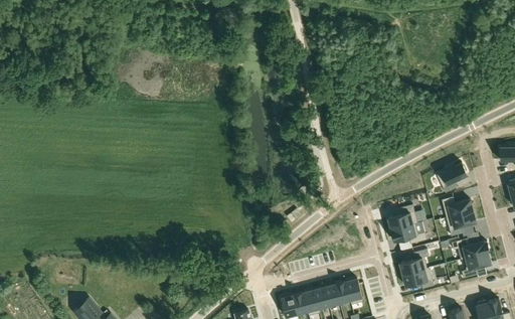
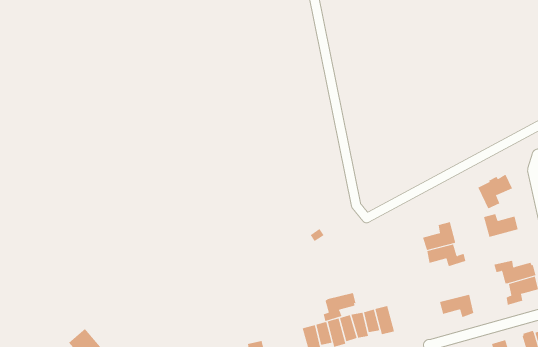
building: [447,211,476,236] -> none
building: [399,250,430,276] -> none
building: none -> [323,292,356,322]

